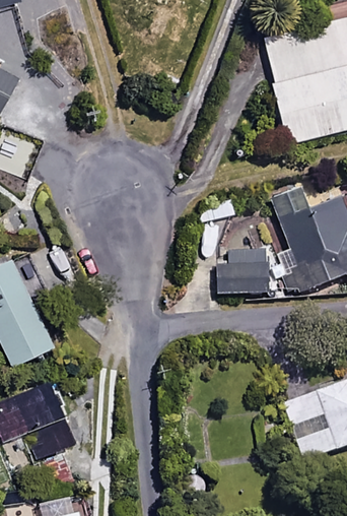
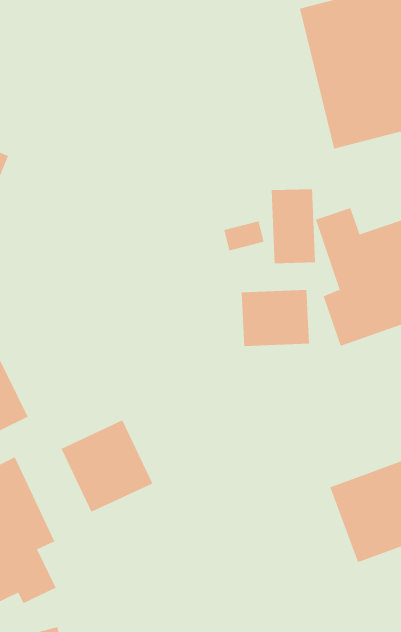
building: none -> [271,189,316,264]
building: none -> [61,420,153,513]

